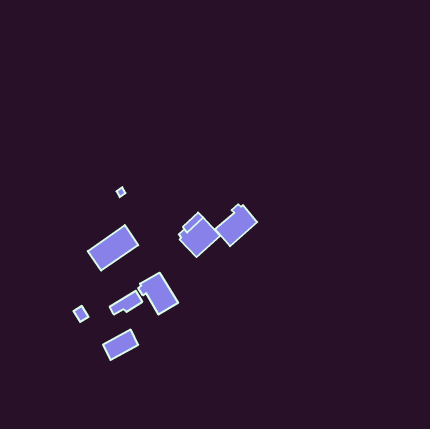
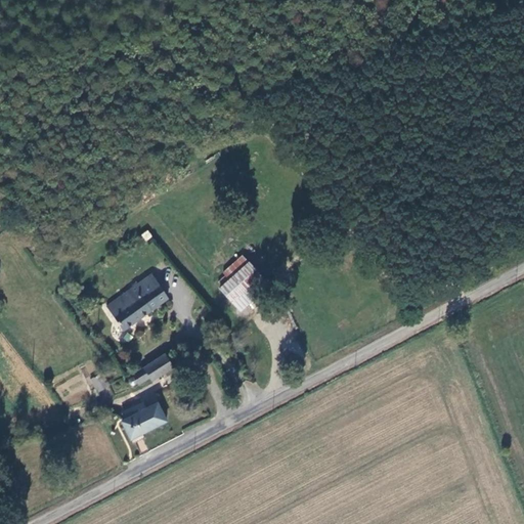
building: [215,204,257,246] -> none
building: [138,273,178,315] -> none

